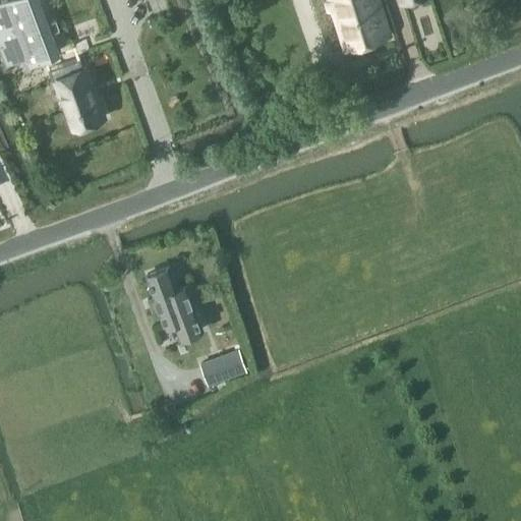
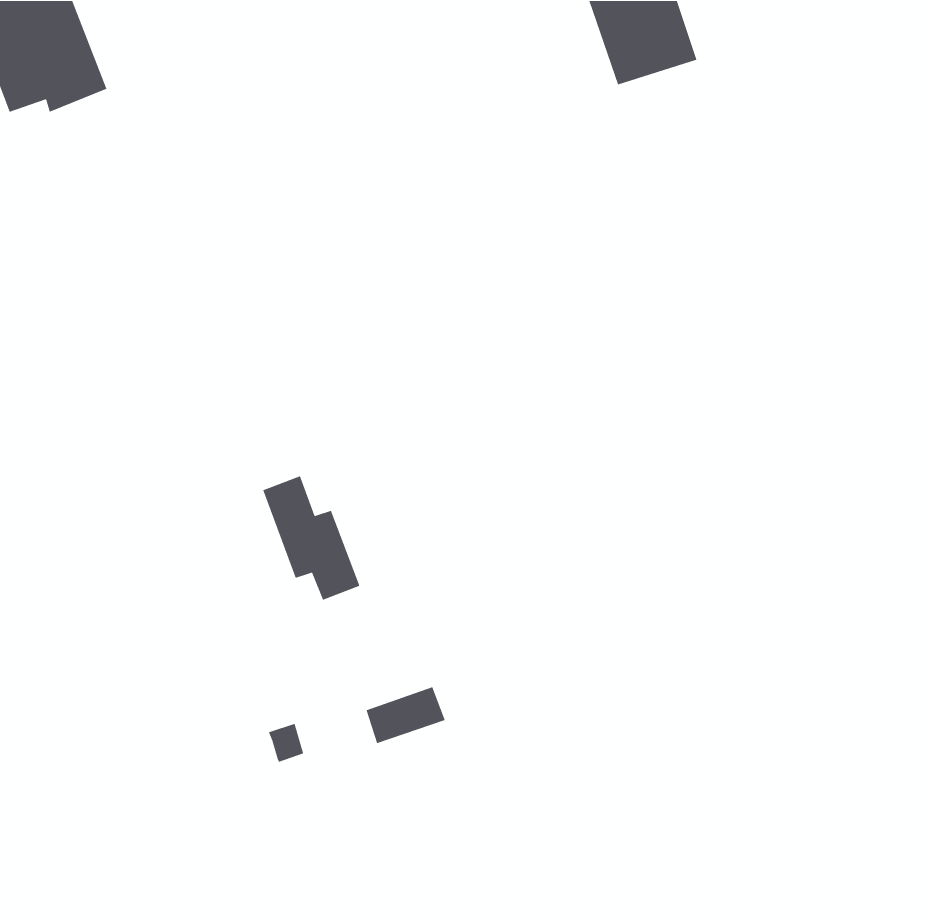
building: [51,62,103,128] -> none
building: [200,353,245,386] -> [366,686,446,744]

